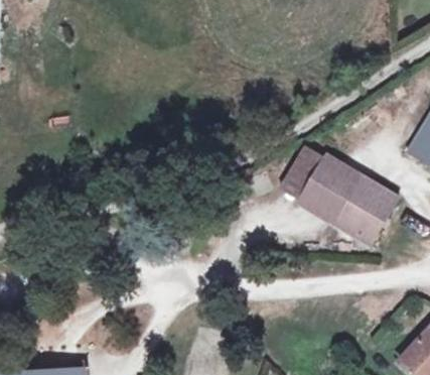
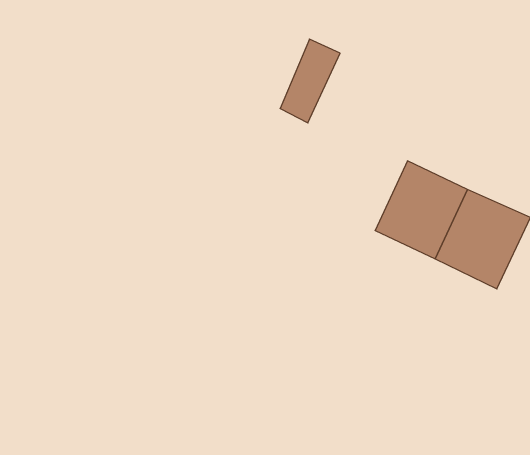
building: [280,145,322,200] -> [280,39,340,123]

